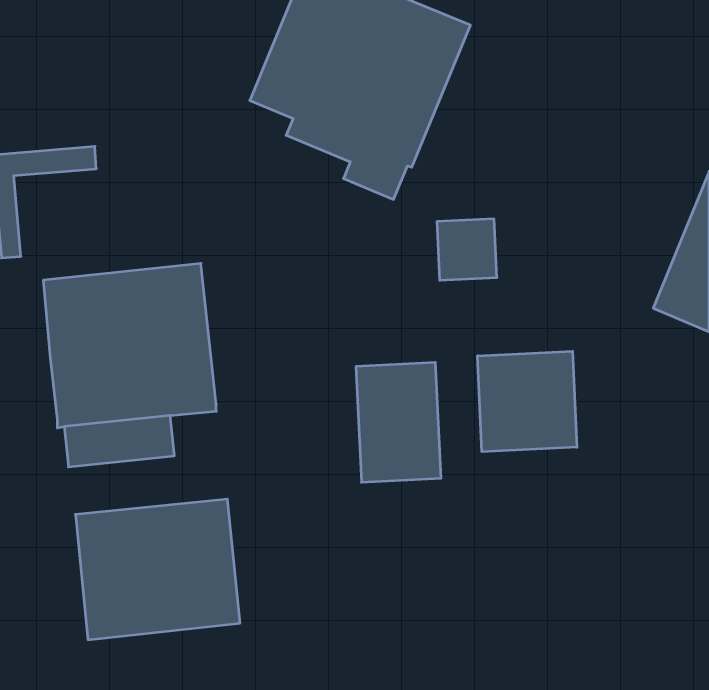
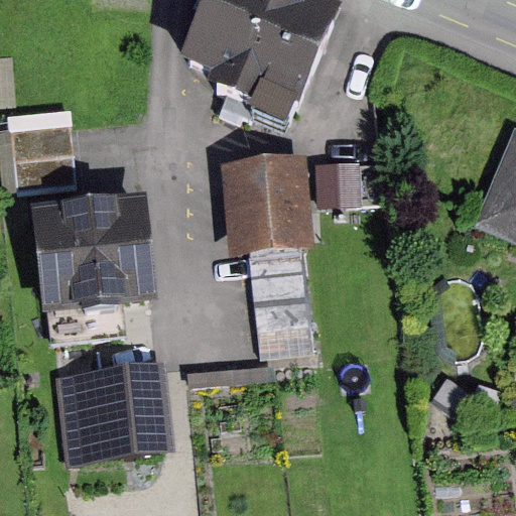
building: none -> [10,122,75,185]
building: none -> [220,158,312,258]
building: [478,351,577,452] -> none

